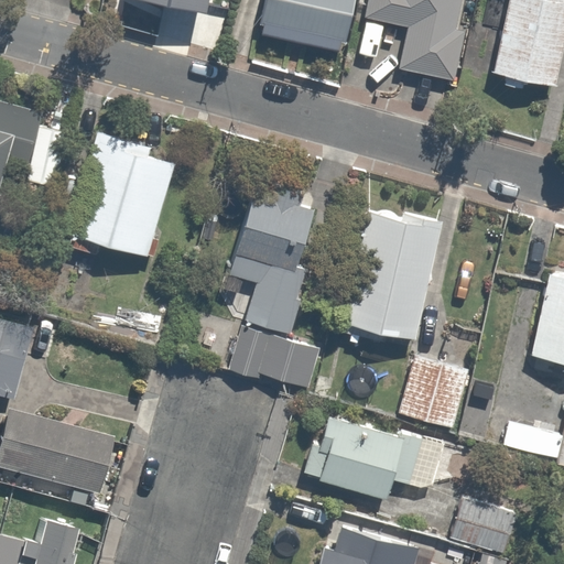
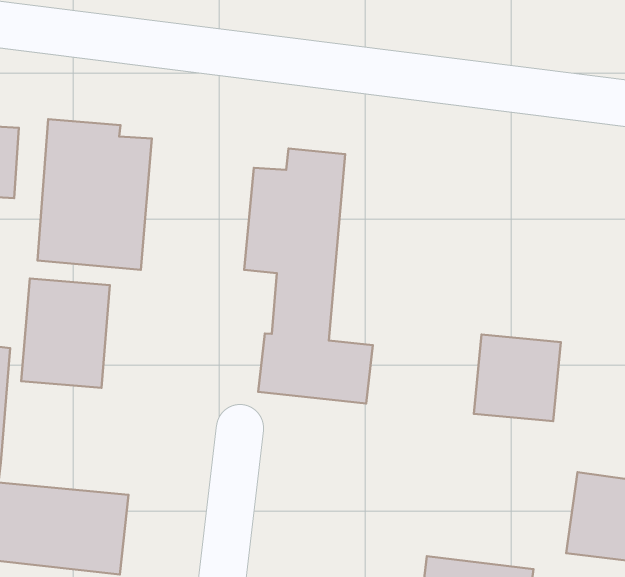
building: [345,205,440,340] -> none
building: none -> [21,278,110,388]
building: [300,411,444,499] -> none

